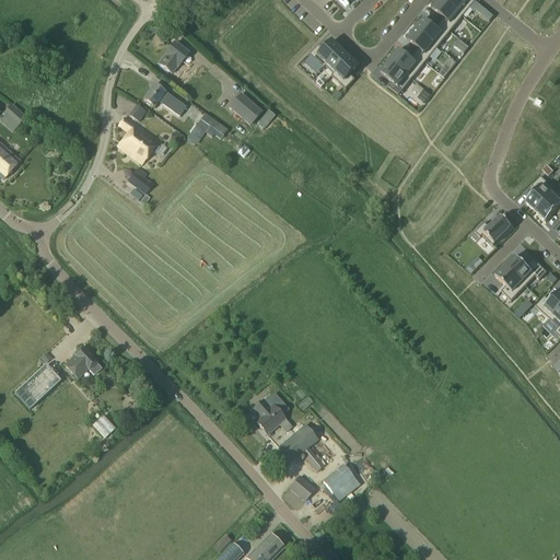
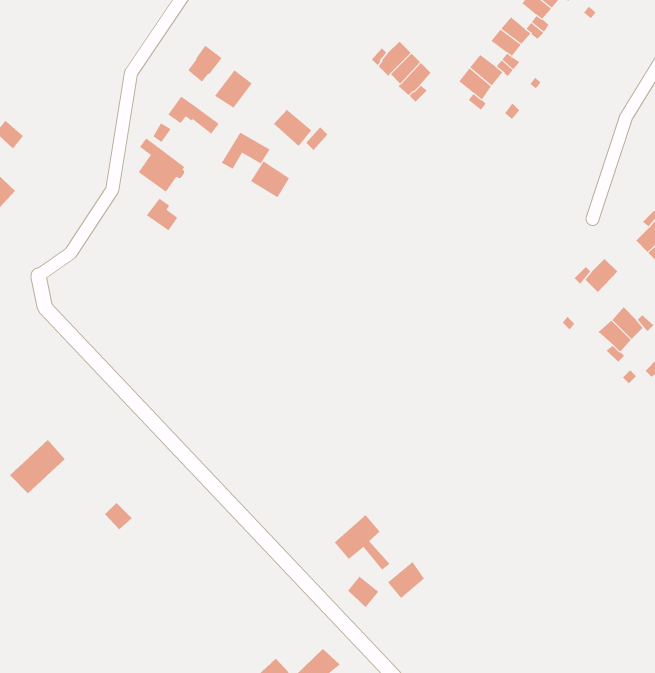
building: none -> [214,69,253,108]
building: none -> [250,161,290,198]
building: [65,346,101,376] -> none
building: [253,398,285,433] -> none

